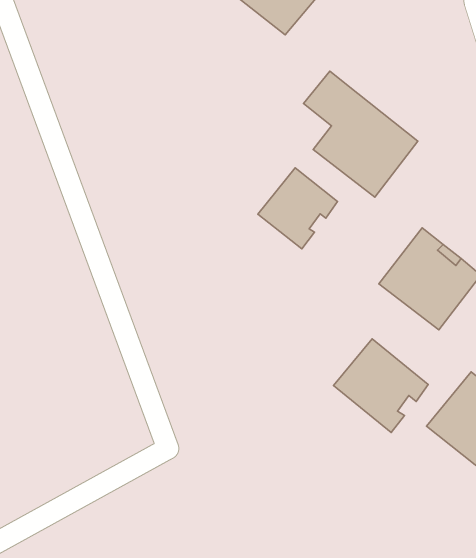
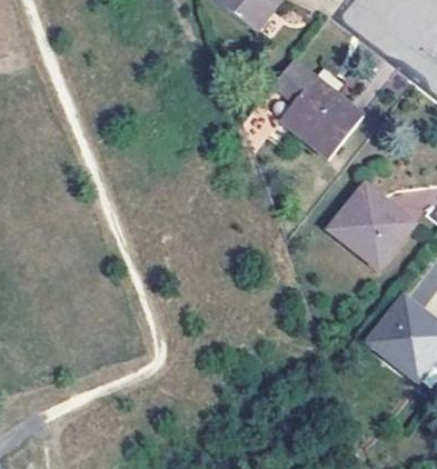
building: [258,168,338,249] -> none
building: [334,339,428,433] -> none

